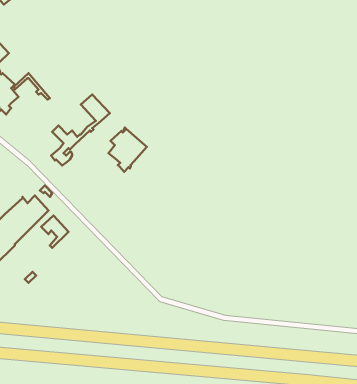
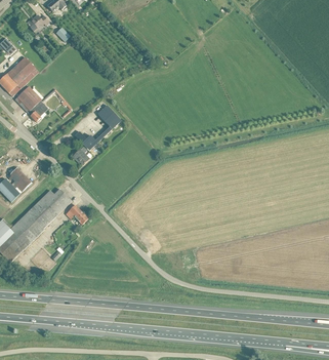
building: [109,128,147,172] -> none

